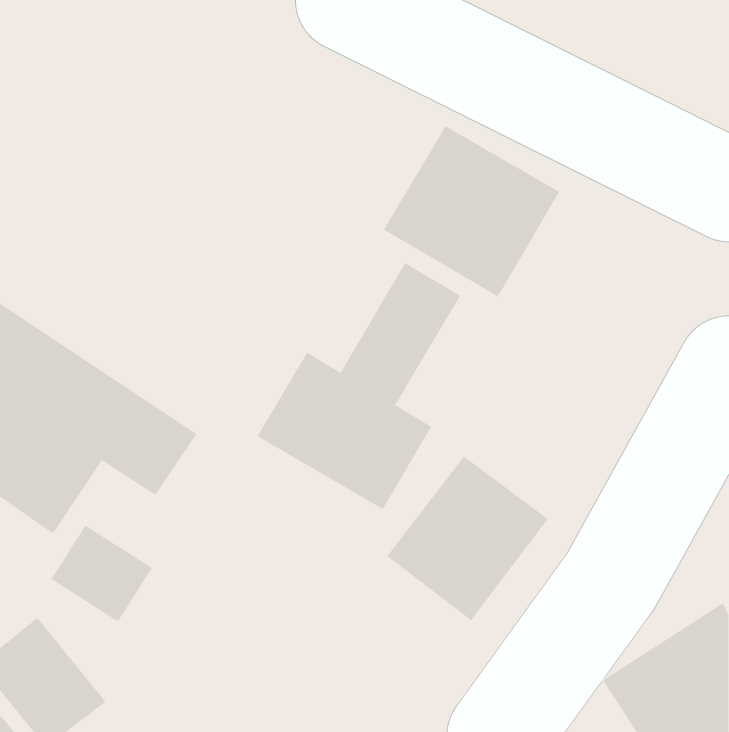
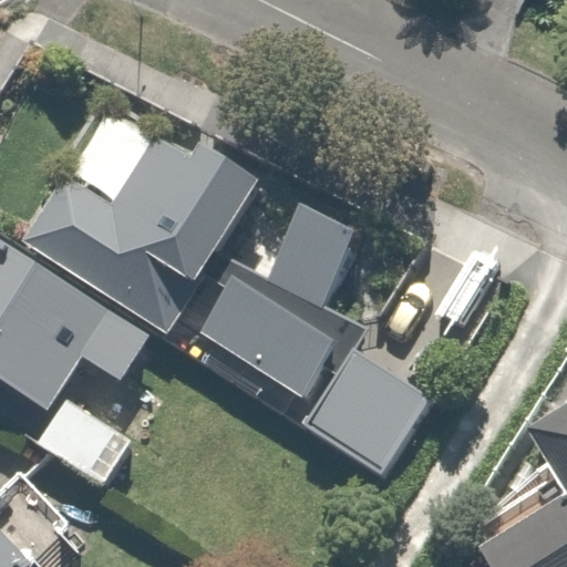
building: [383,125,560,298] -> none
building: none -> [32,124,264,328]

